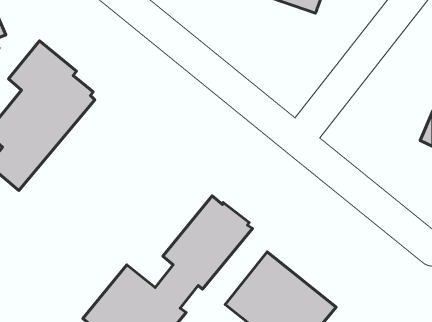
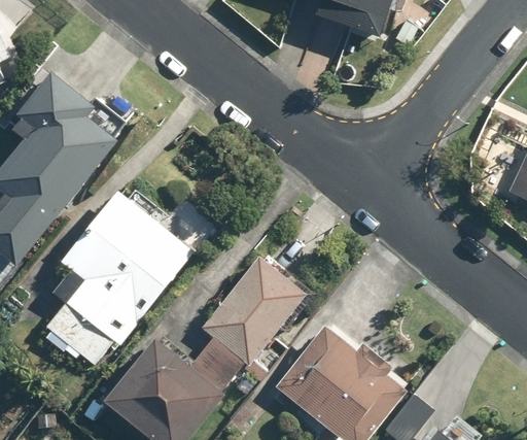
building: none -> [44,189,194,366]

